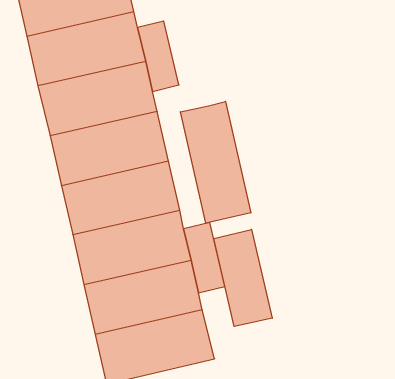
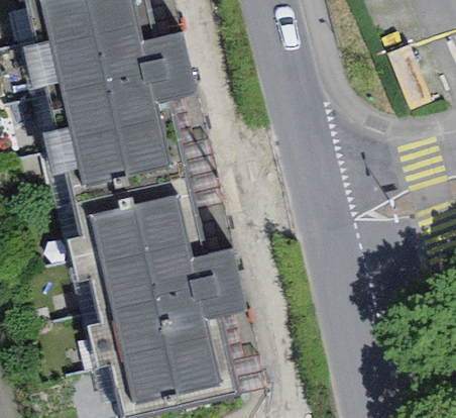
building: [180,101,251,223] -> none
building: [214,229,272,326] -> none

